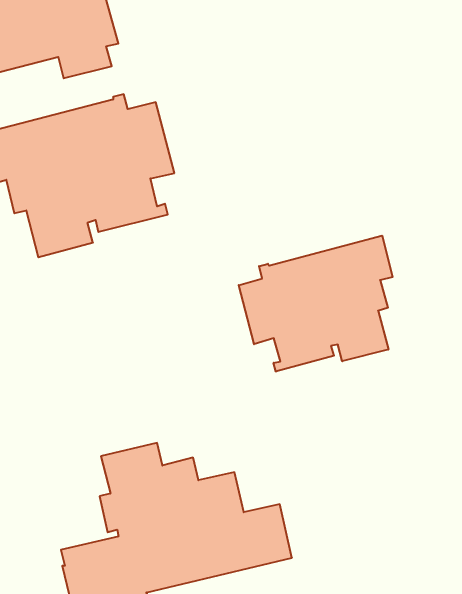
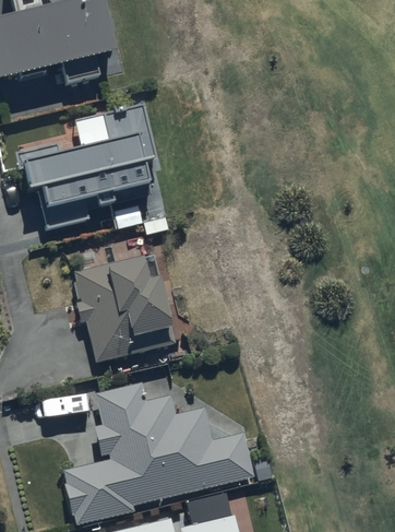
building: [239,236,393,372] -> none
building: none -> [75,257,180,367]

